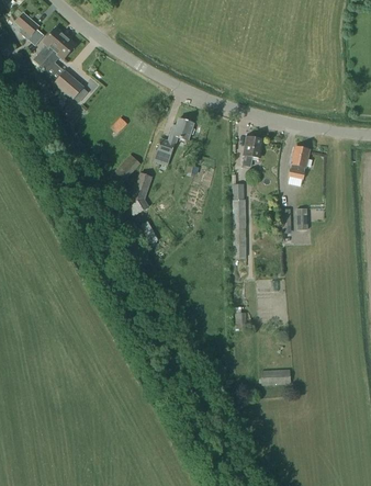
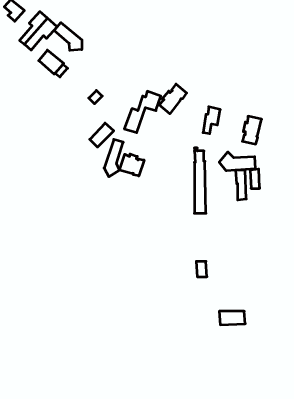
building: none -> [54,23,82,50]
building: none -> [159,84,187,114]
building: none -> [219,152,255,171]
building: none -> [119,154,144,176]

